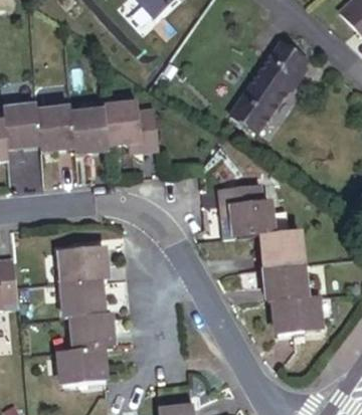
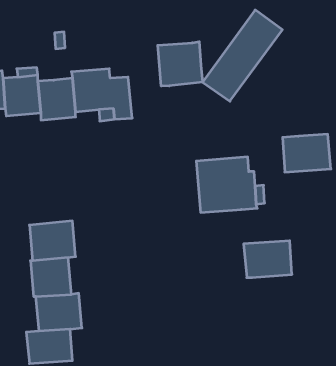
building: none -> [158,42,203,86]
building: [263,233,310,269] -> [283,134,331,172]
building: [274,297,320,331] -> none

